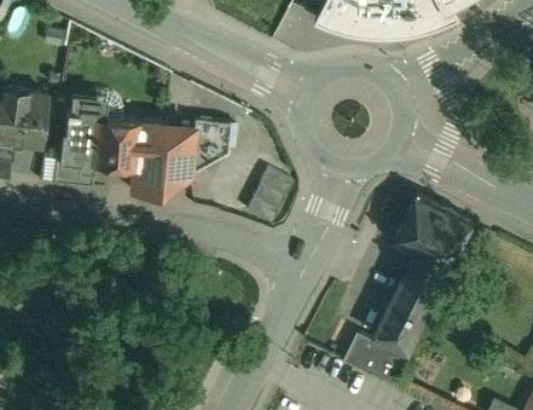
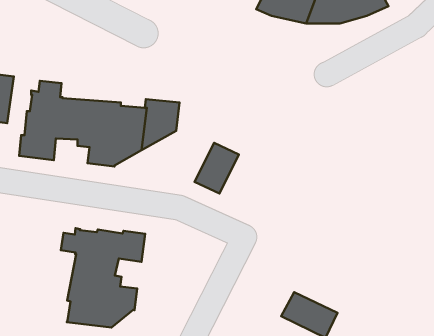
building: [375,195,473,353] -> none
building: none -> [61,228,145,327]

